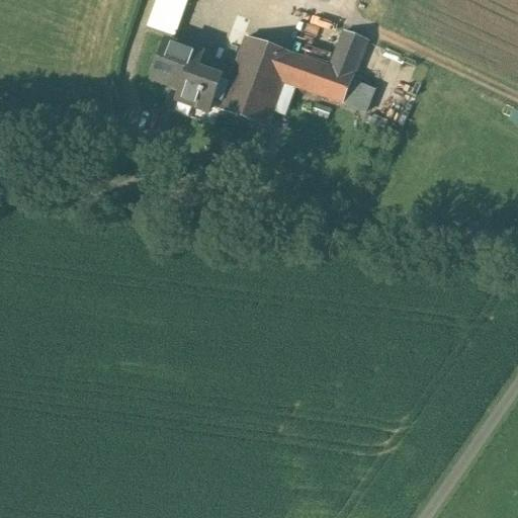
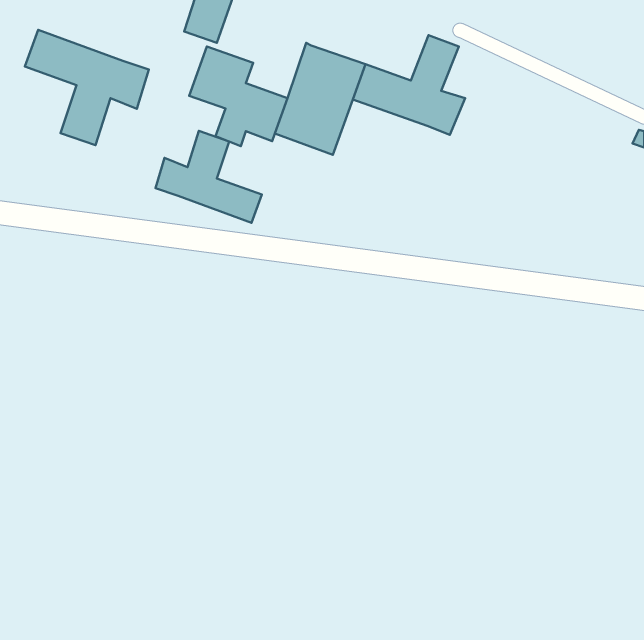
building: none -> [25,30,149,145]
building: none -> [155,131,262,223]

